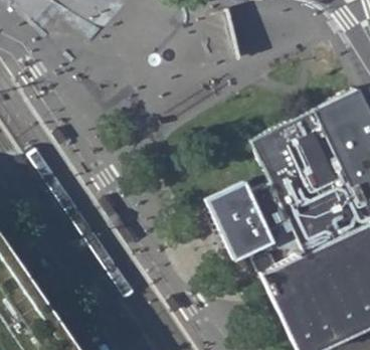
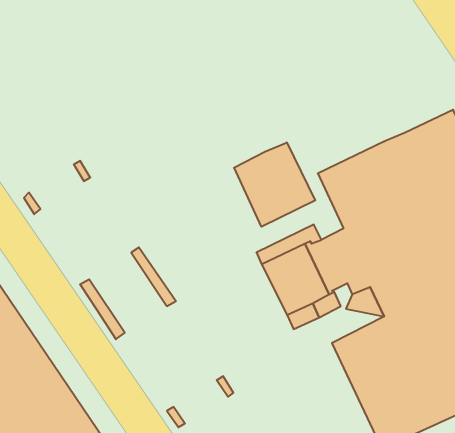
building: none -> [234,142,315,227]

